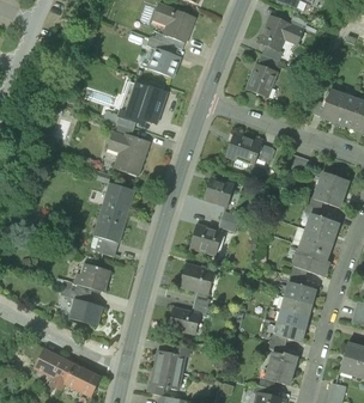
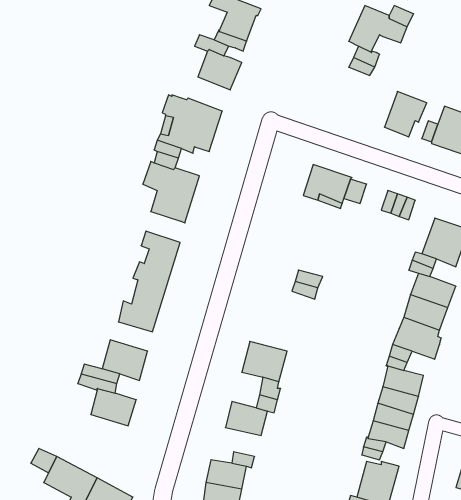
building: [247,63,278,97] -> [384,91,427,137]
building: [204,179,232,207] -> none
building: [189,224,223,255] -> none

